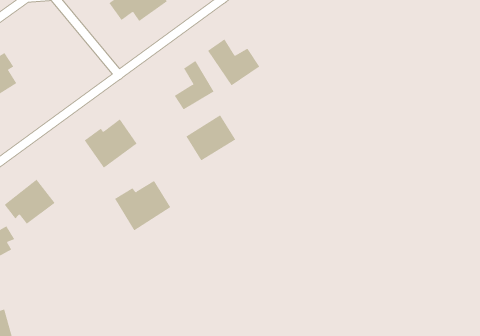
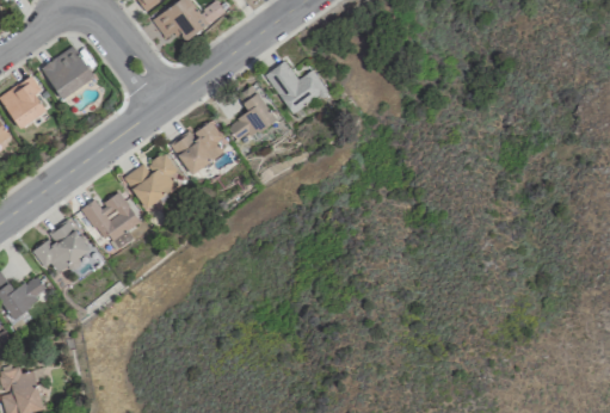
building: none -> [43,45,94,97]
building: [185,115,236,161] -> [172,119,230,173]
building: [114,180,171,231] -> [75,191,141,249]

